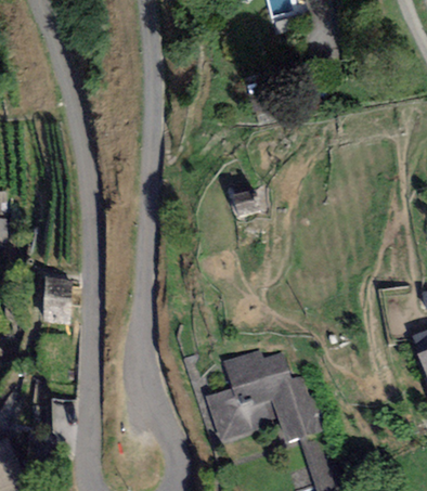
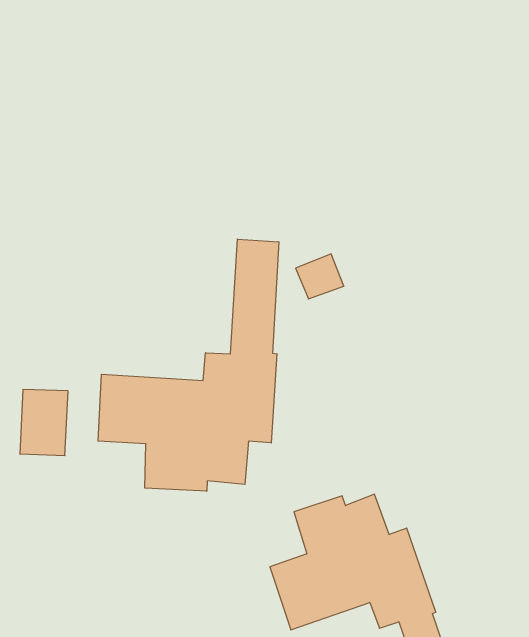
building: none -> [98,239,279,491]

